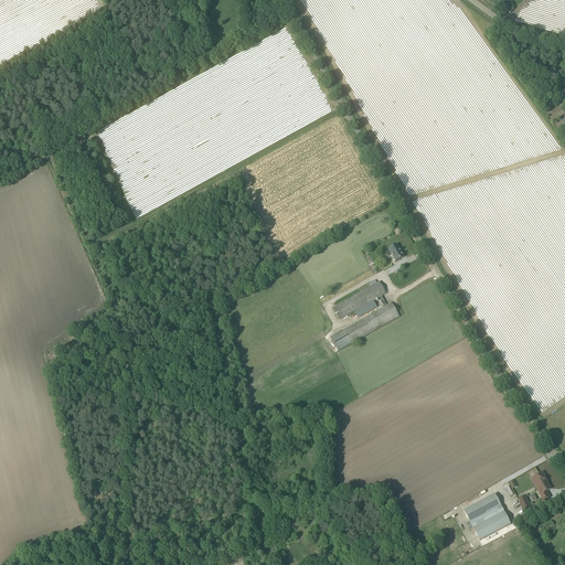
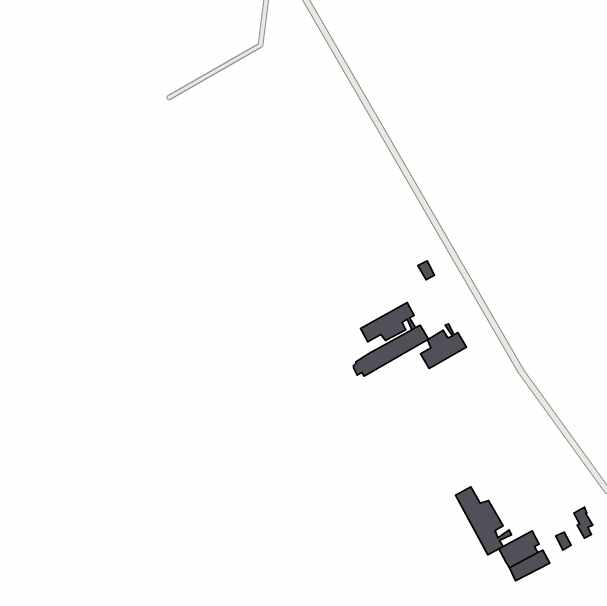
building: none -> [421,324,466,368]
building: none -> [456,487,511,555]

